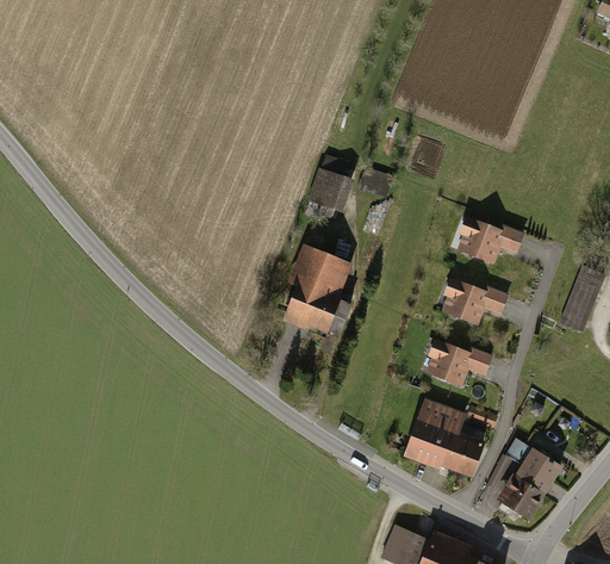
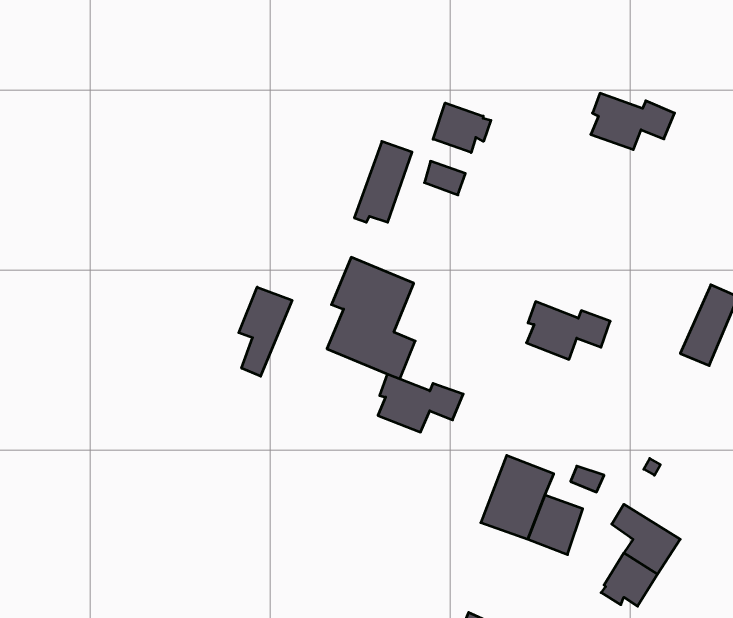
building: none -> [433,103,491,153]
building: [458,217,523,261] -> [591,93,675,150]
building: none -> [239,287,292,376]
building: [424,339,491,384] -> [378,374,463,432]

